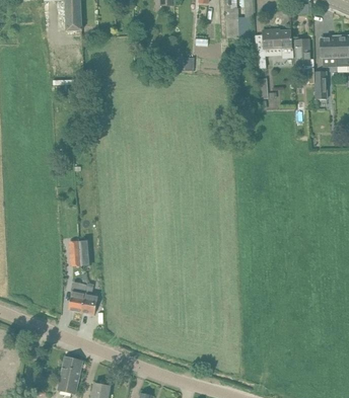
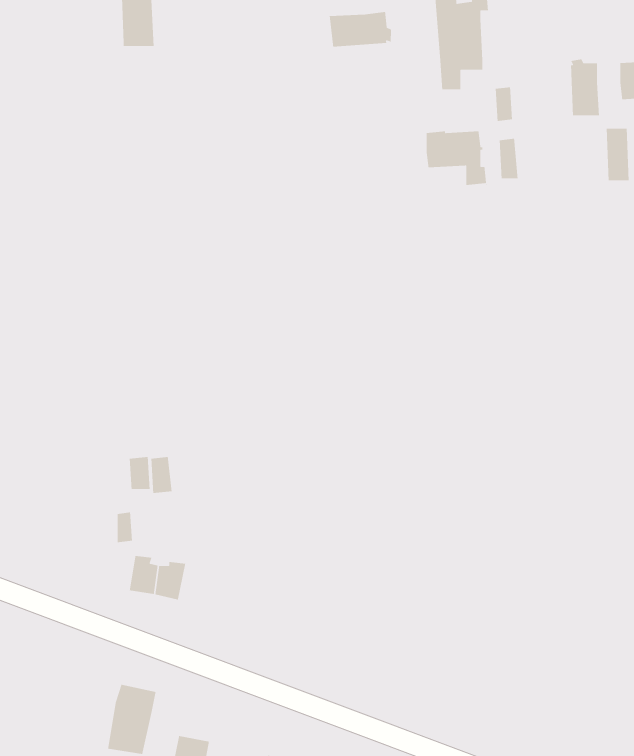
building: none -> [329,11,392,47]
building: [263,29,294,58] -> [426,131,487,186]

